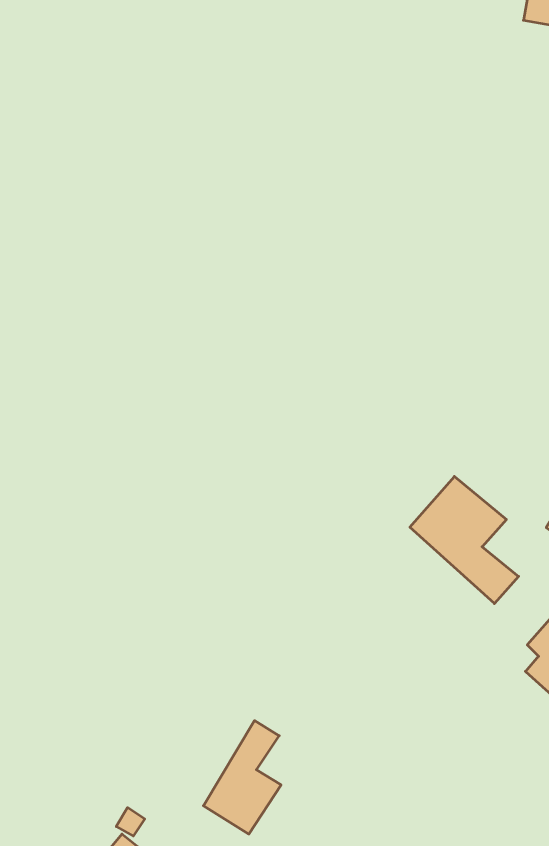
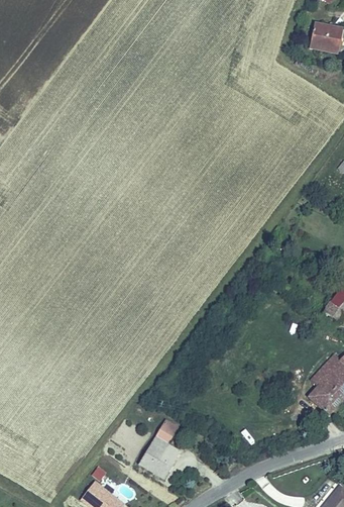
building: [410,476,519,604] -> none

